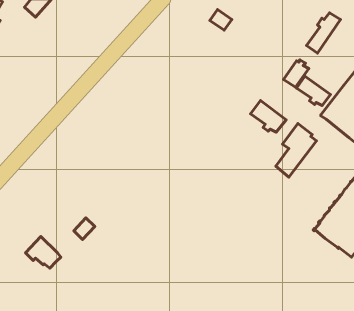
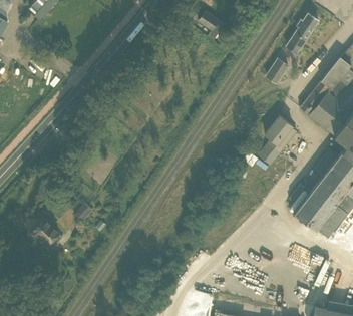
building: [296,76,331,105] -> none
building: [251,101,286,132] -> none

